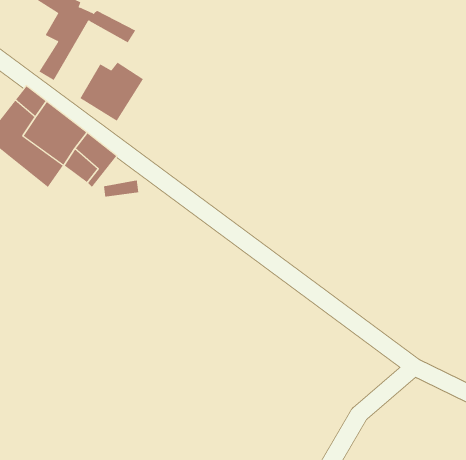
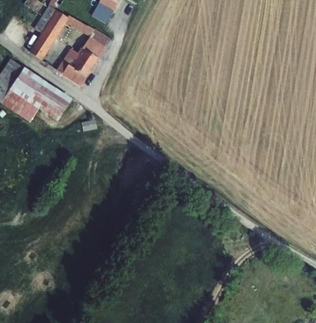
building: none -> [80,27,109,58]

